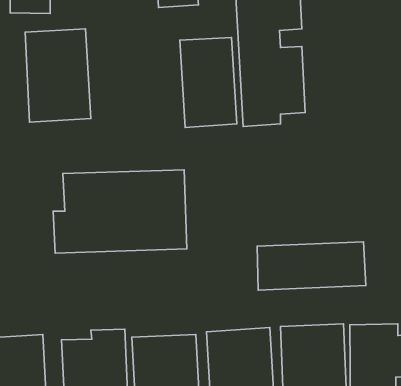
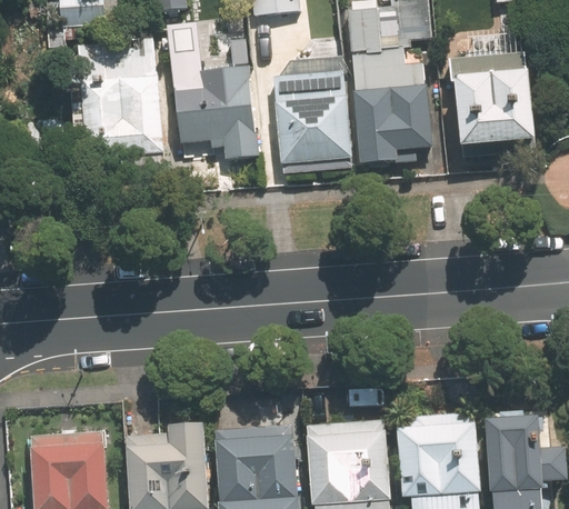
building: none -> [452,31,541,148]
building: none -> [171,39,257,162]
building: [53,170,187,253] -> none
building: [257,242,366,290] -> none

